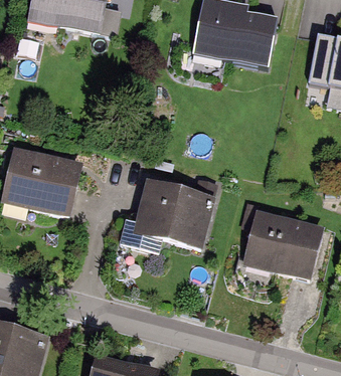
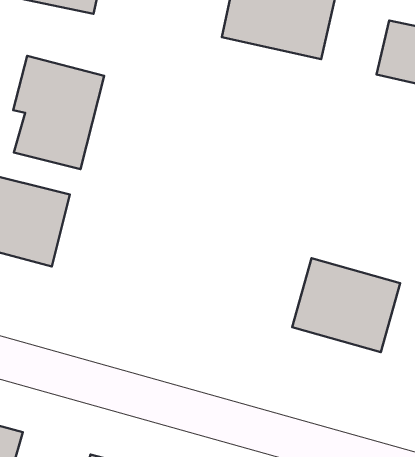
building: none -> [13,56,104,169]
building: [133,180,213,248] -> none

